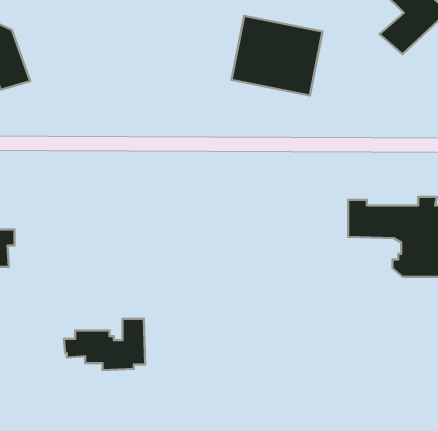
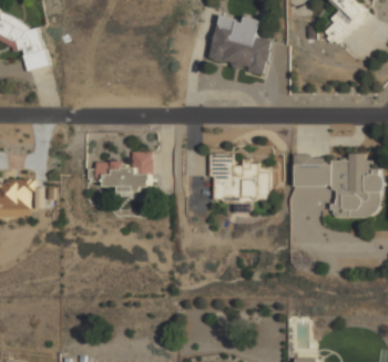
building: none -> [211,153,270,203]
building: [64,319,145,370] -> [88,152,151,192]

